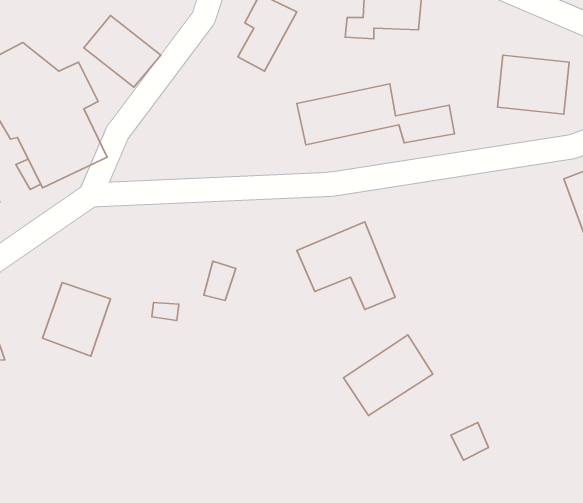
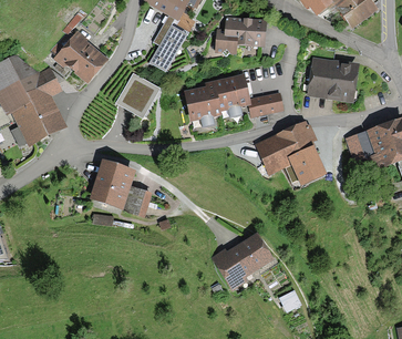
building: none -> [120,75,156,114]
building: [297,222,395,310] -> [259,125,320,179]
building: [42,283,110,356] -> [90,163,132,208]

